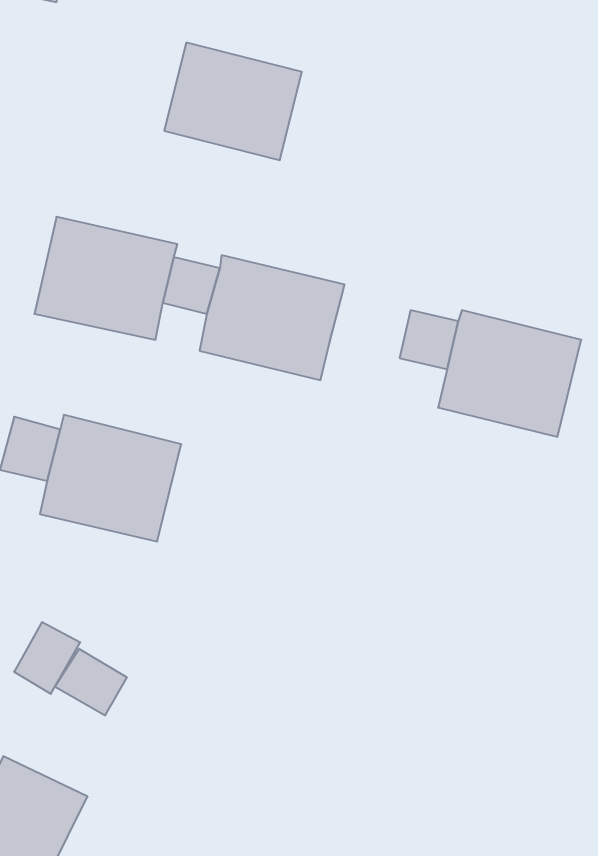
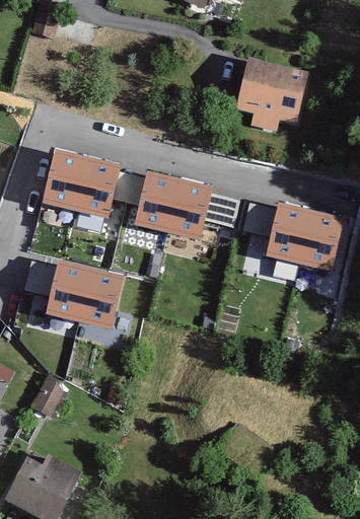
building: [164,43,302,160] -> [232,54,308,119]
building: none -> [206,194,240,228]
building: [55,649,127,716] -> none

